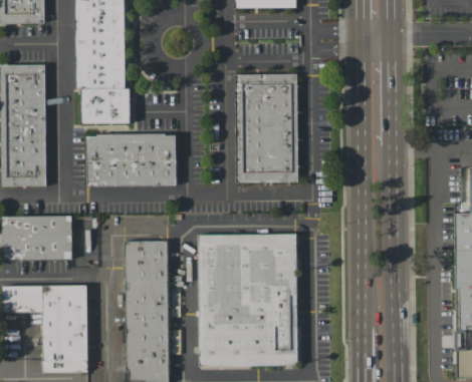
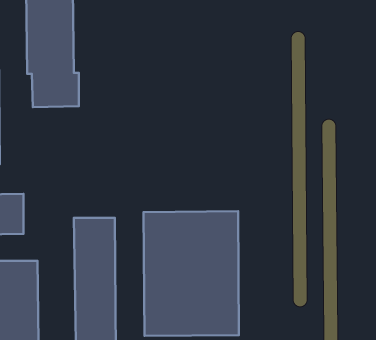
building: [235,73,297,181] -> none
building: [87,133,177,185] -> none

